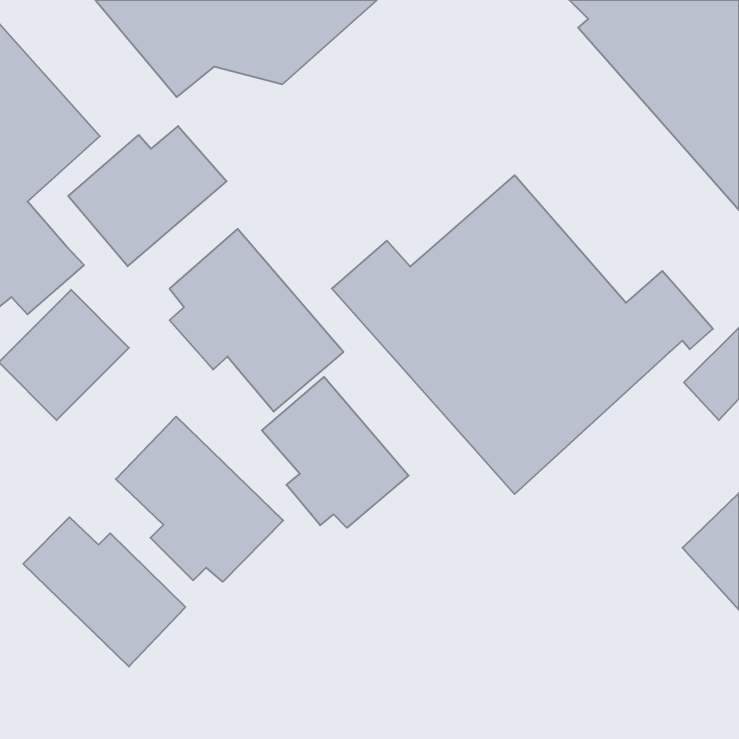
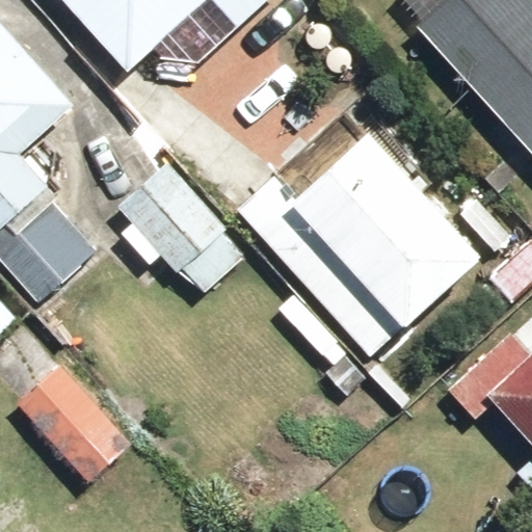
building: [68,126,227,266] -> none
building: [262,377,409,528] -> none
building: [116,417,283,582] -> none

